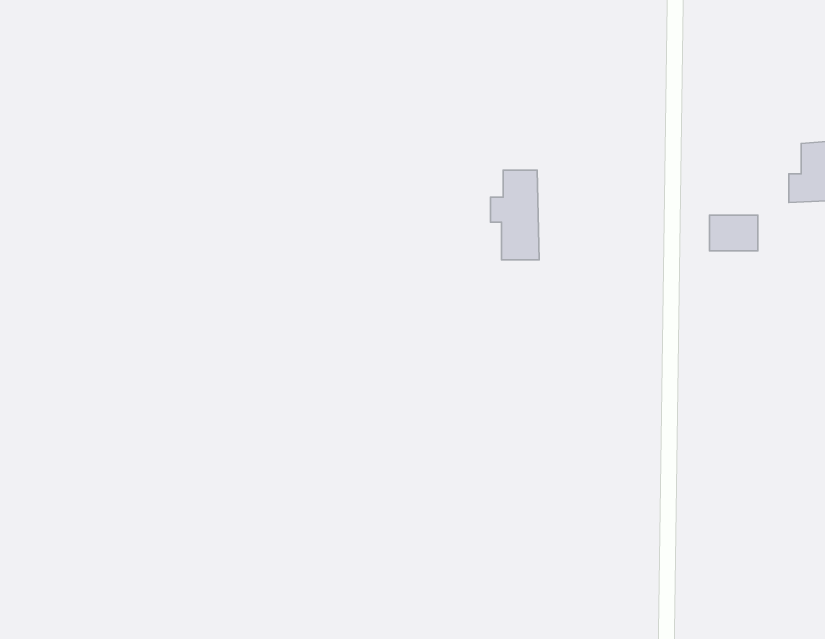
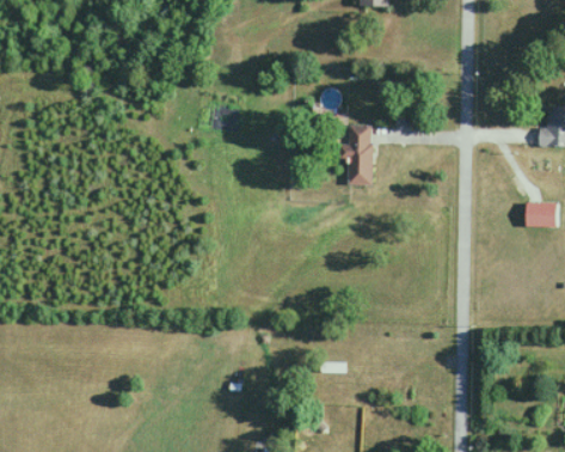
building: [709,215,758,251] -> [524,203,557,227]

